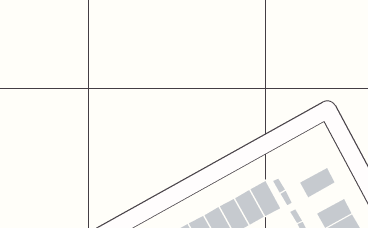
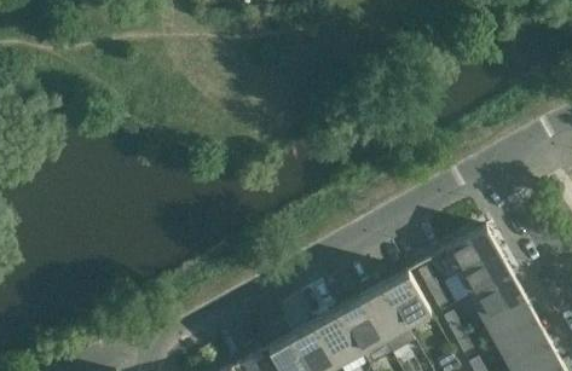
building: none -> [444,227,499,274]
building: none -> [470,274,525,320]

